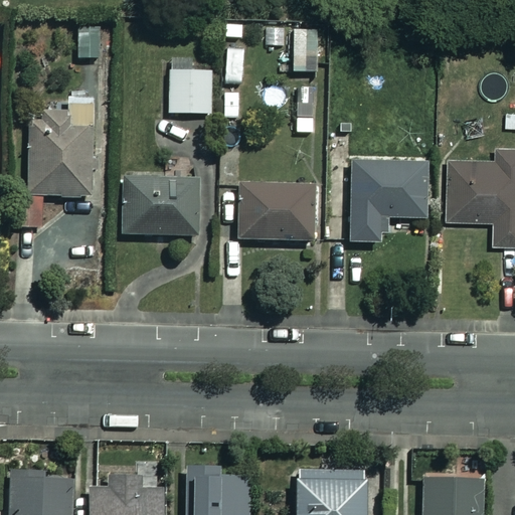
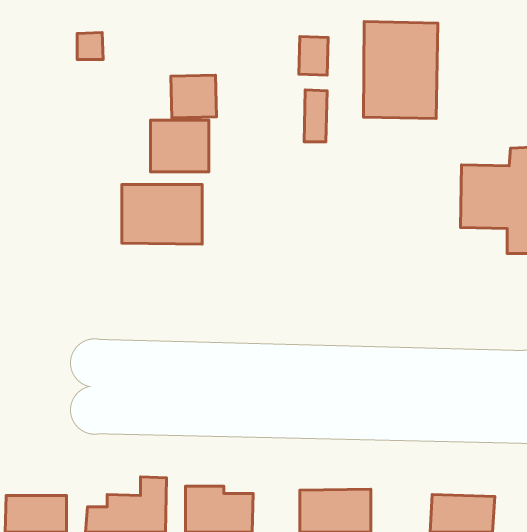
building: none -> [364,22,438,118]
building: [13,100,94,227] -> none
building: none -> [151,120,209,172]
building: [348,161,425,243] -> none
building: [237,184,314,242] -> none

